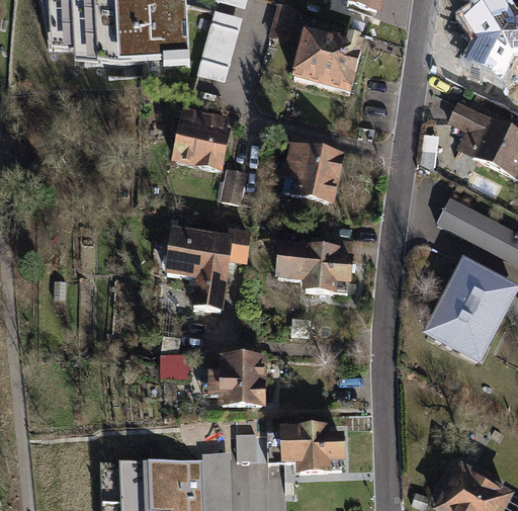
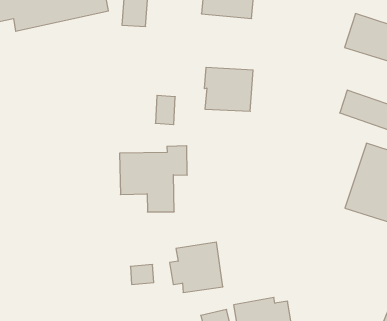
building: [172,107,233,171] -> none
building: [277,243,354,288] -> none

